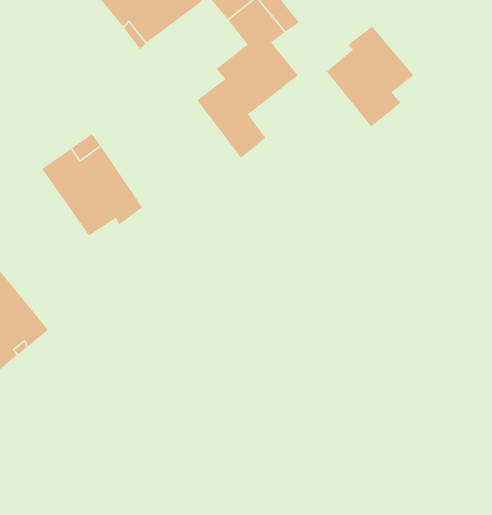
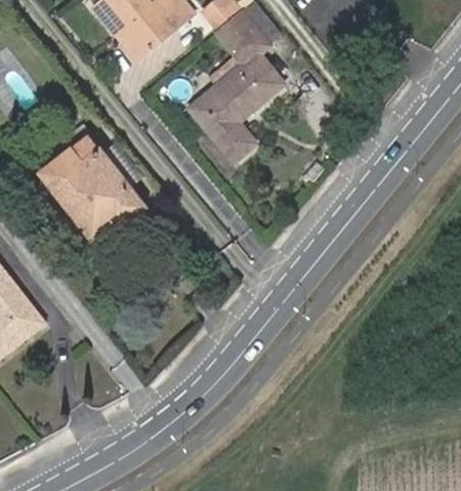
building: [326,25,414,127] -> none

